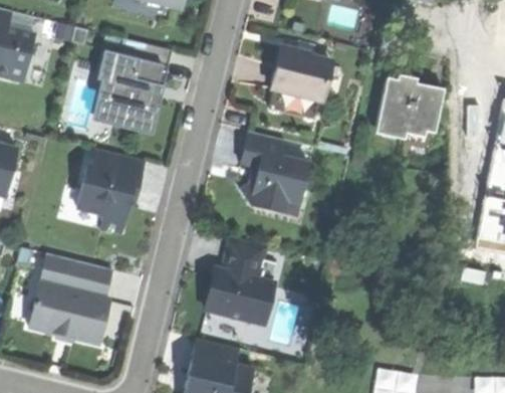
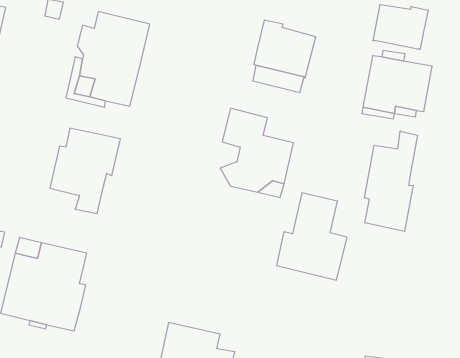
building: none -> [373,4,428,49]
building: none -> [365,131,417,231]
building: [206,241,273,325] -> [277,193,347,280]

